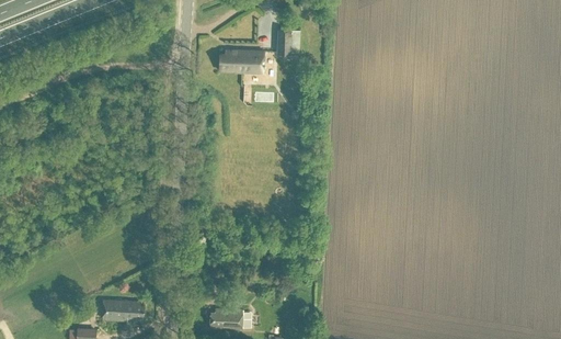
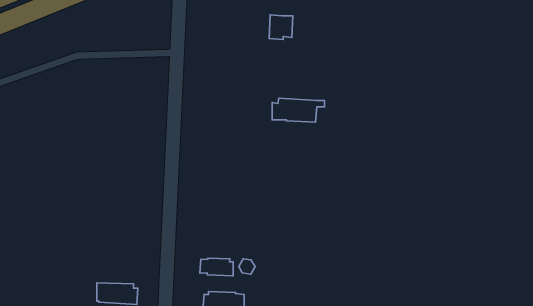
building: [219,48,272,72] -> [272,98,324,122]
building: none -> [200,258,233,276]

